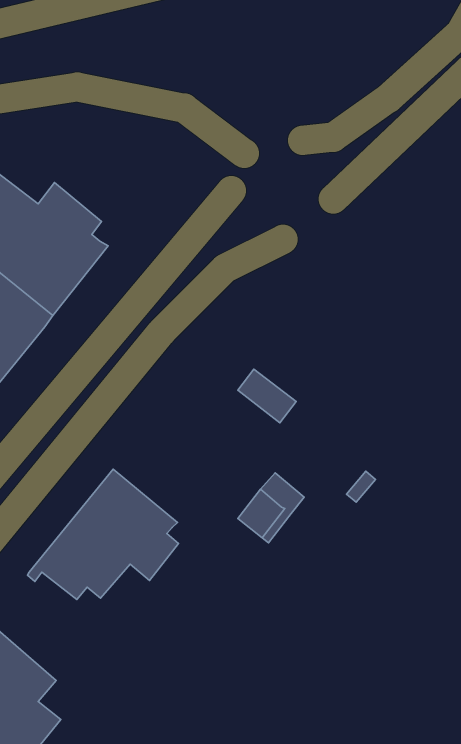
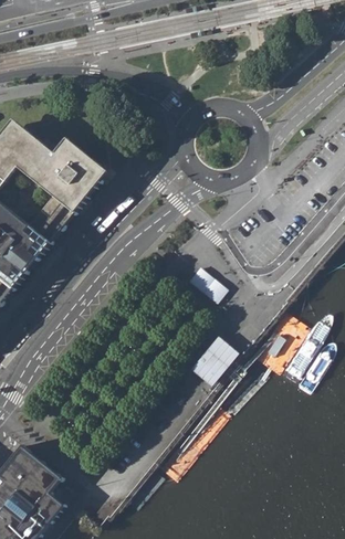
building: [27,469,178,599] -> none

